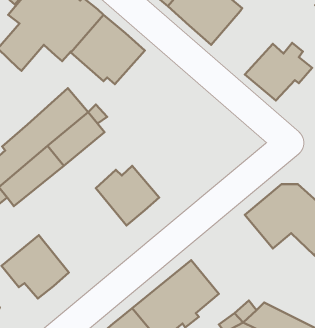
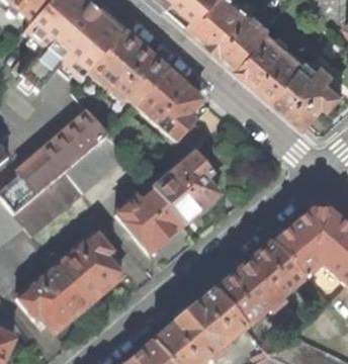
building: none -> [238,28,304,95]
building: none -> [137,70,201,142]
building: none -> [153,152,221,224]
building: none -> [57,231,122,303]
building: none -> [216,243,302,326]

